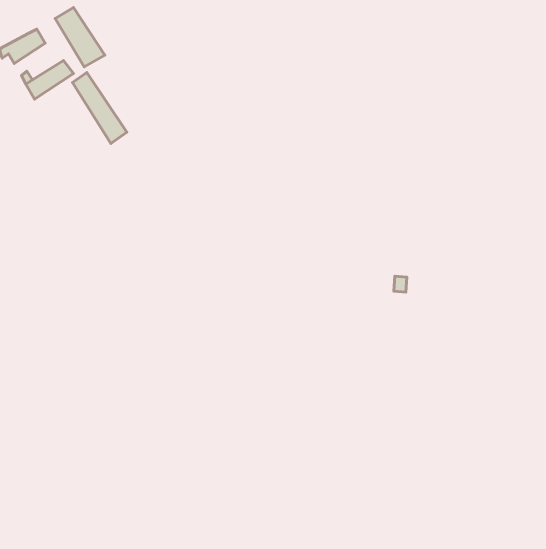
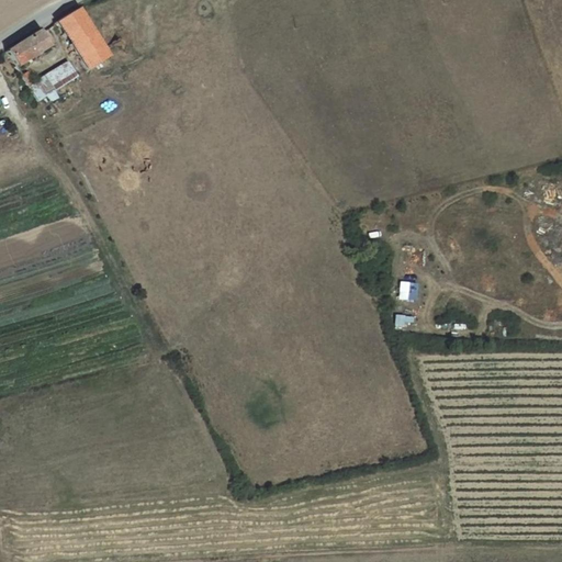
building: [72,73,127,144] -> none

